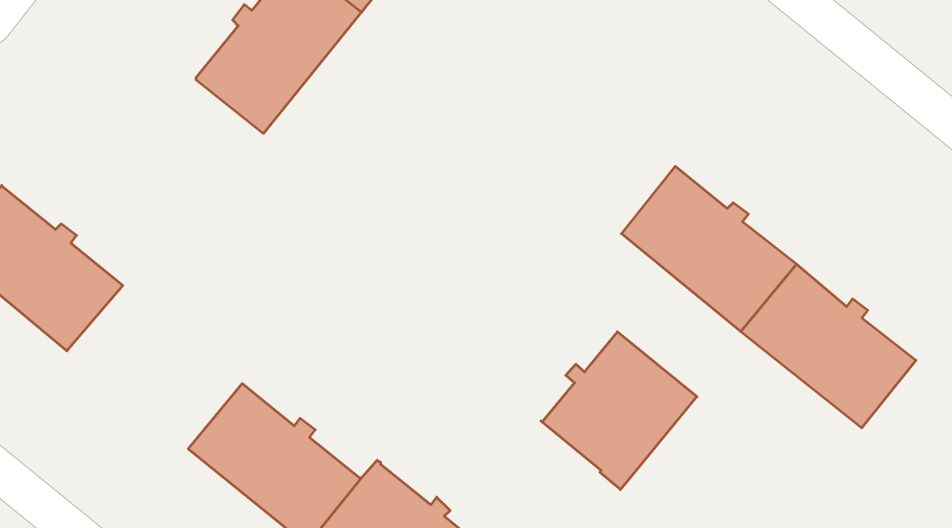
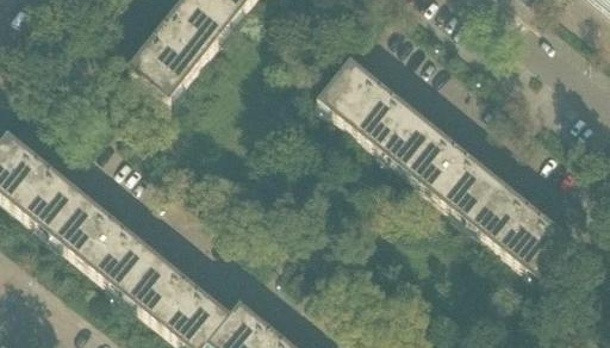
building: none -> [313,58,422,161]
building: none -> [45,193,154,294]
building: [541,332,697,490] -> none

